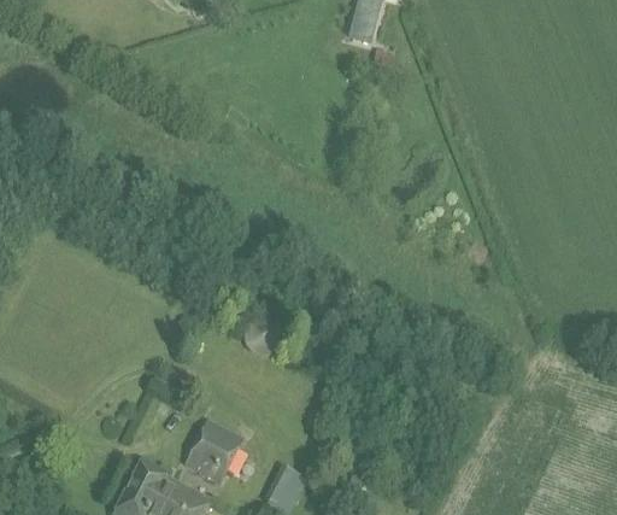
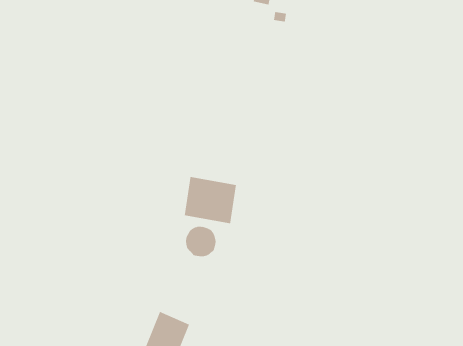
building: none -> [184,176,237,224]

